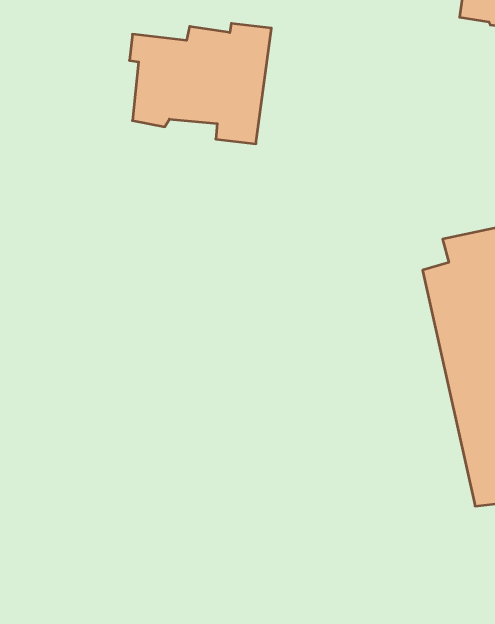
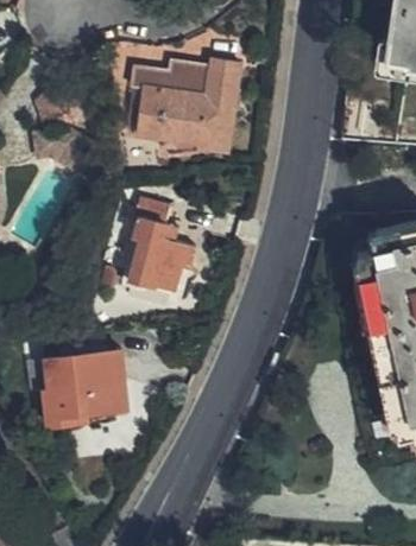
building: none -> [121,205,195,311]
building: none -> [43,354,126,431]

